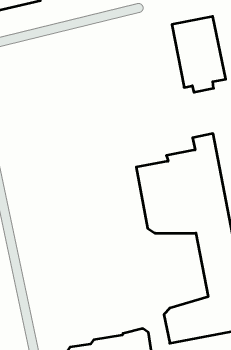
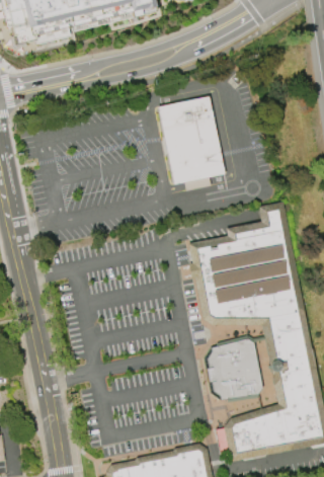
building: [172,16,226,92] -> [158,96,225,190]
building: none -> [208,338,262,400]

